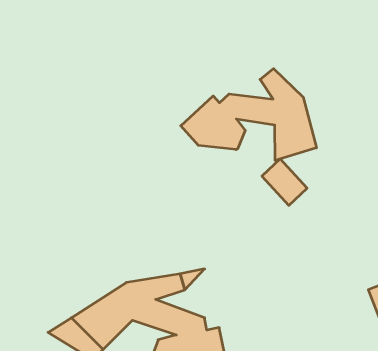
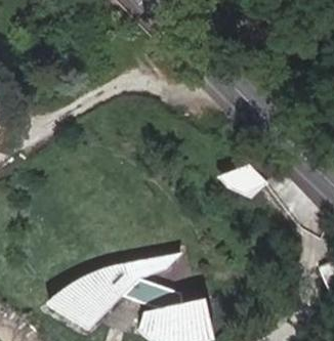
building: [181,69,316,160] -> none

